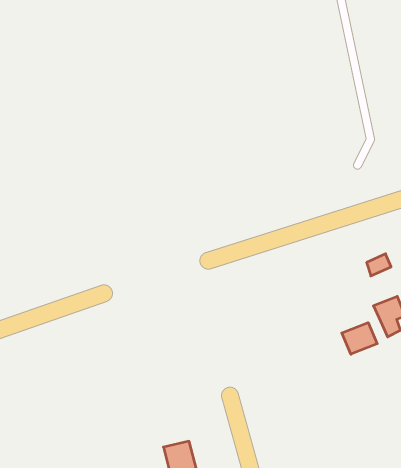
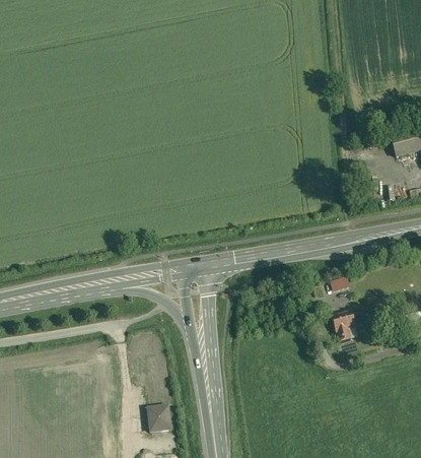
building: [342,323,377,354] -> none

